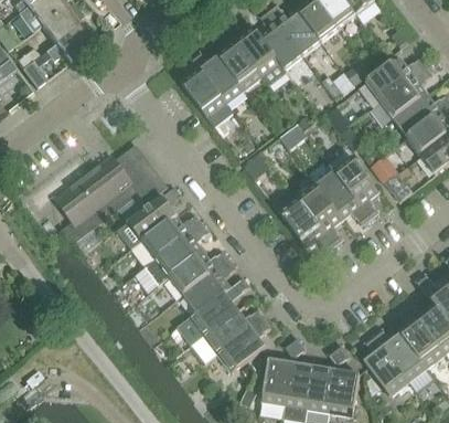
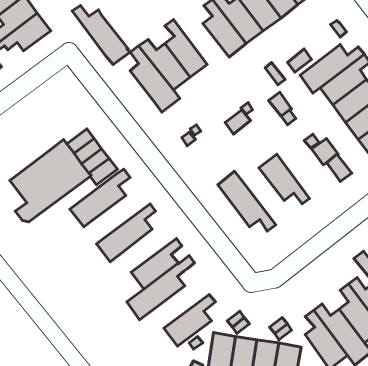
building: [226,24,287,86] -> [72,6,130,65]
building: [329,150,378,218] -> none
building: [298,186,342,245] -> none
building: [141,214,202,258] -> none
building: [169,250,229,295] -> none
building: [203,309,264,353] -> none

